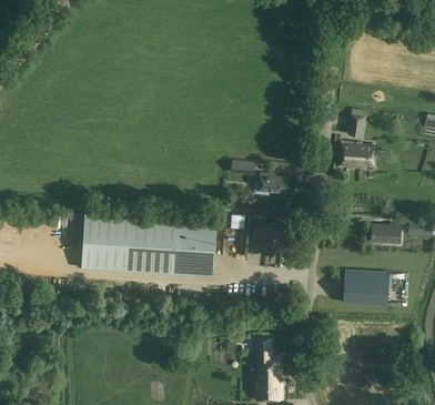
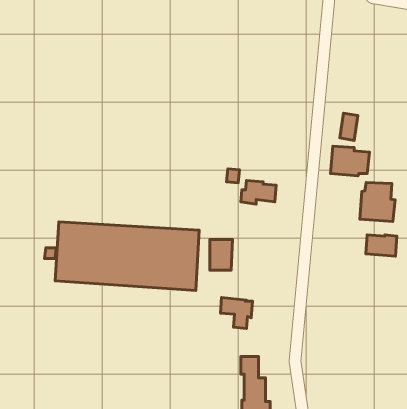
building: none -> [360,182,395,221]
building: [252,223,282,252] -> [220,298,252,328]
building: [342,270,388,305] -> none

